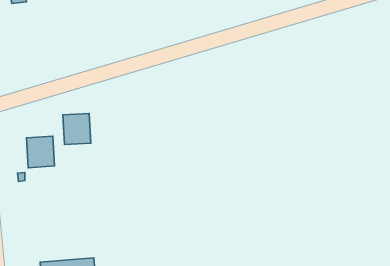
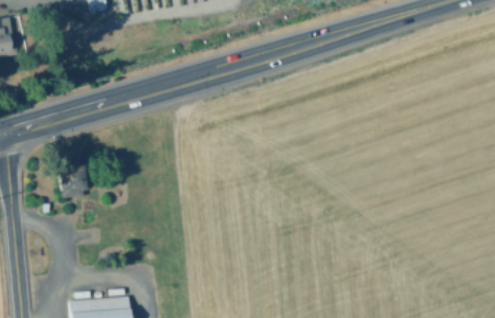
building: [63,114,91,144] -> none

